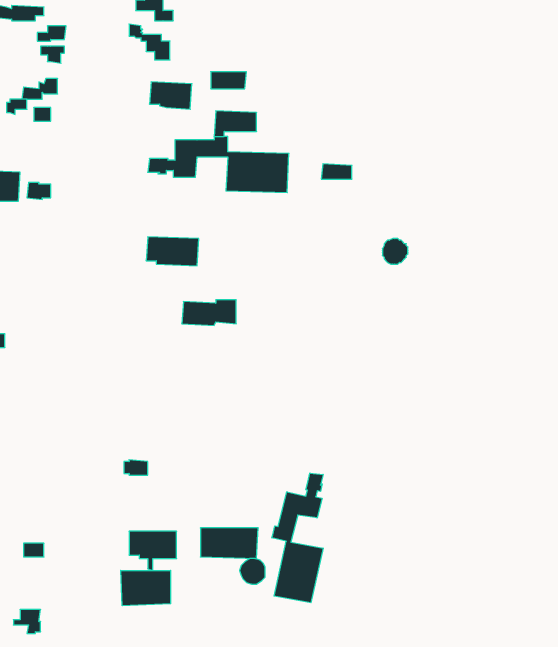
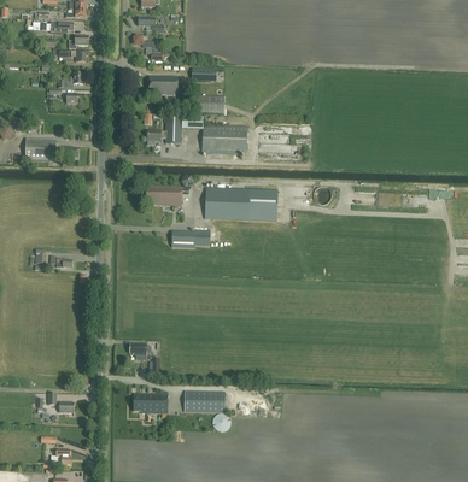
building: none -> [204,187,276,219]
building: [272,473,323,603] -> none
building: [121,570,171,606] -> none

